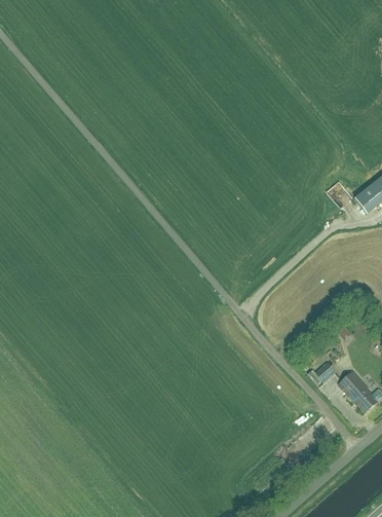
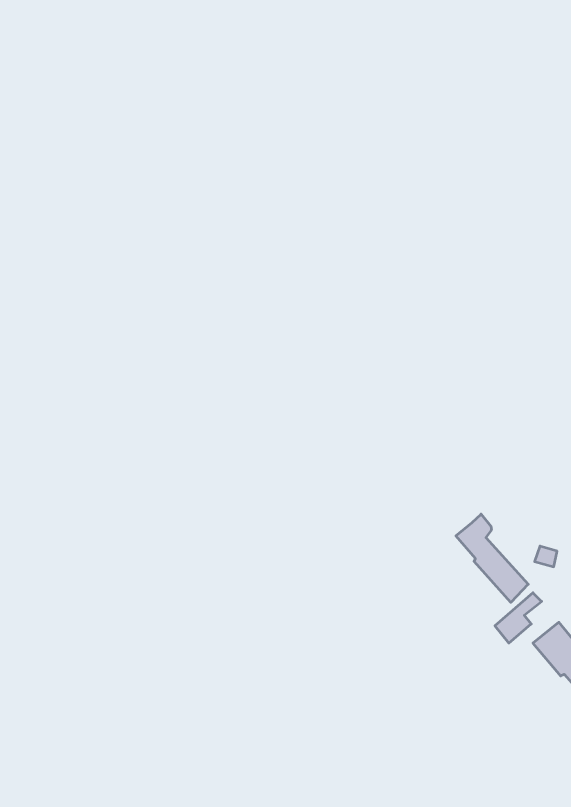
building: none -> [456,514,528,602]

